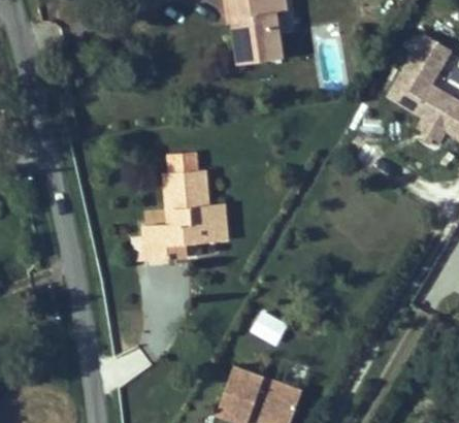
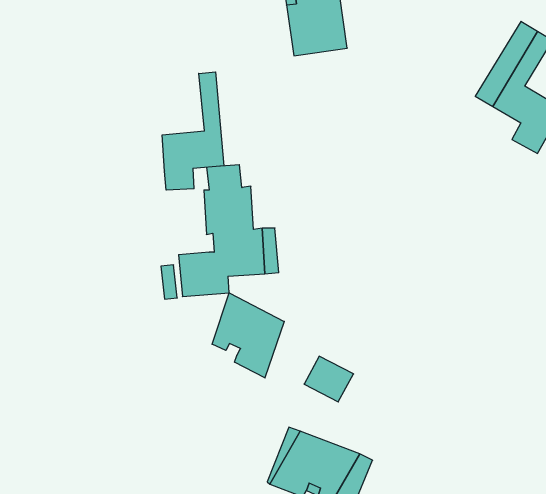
building: none -> [162,72,224,190]
building: none -> [212,293,284,378]

